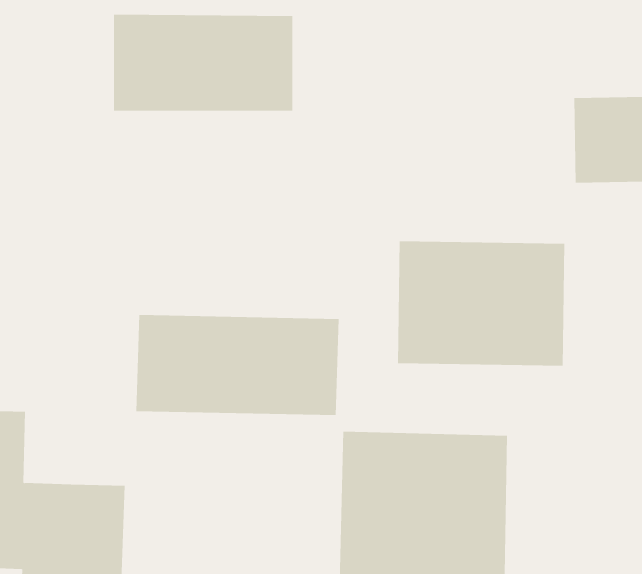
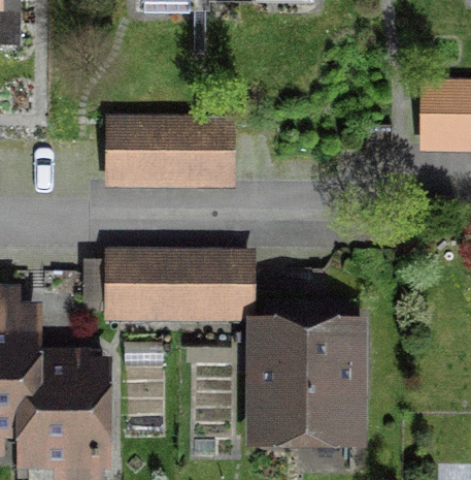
building: [113,14,293,111] -> [103,116,233,186]
building: [398,240,565,367] -> none

